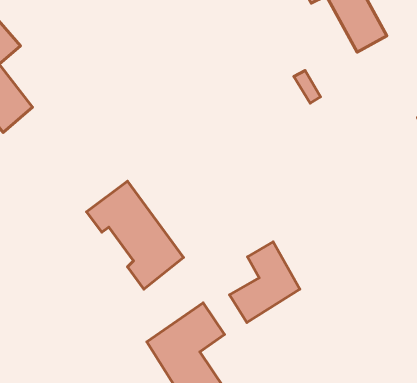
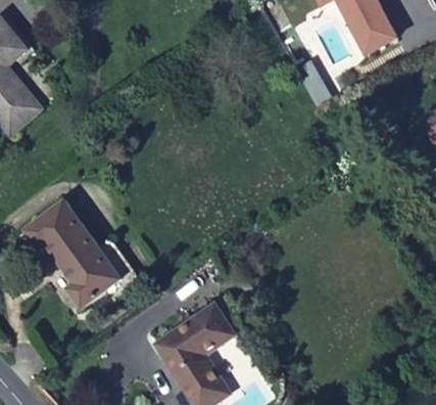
building: [87,181,183,289] -> [23,200,120,309]
building: [230,242,300,322] -> none

